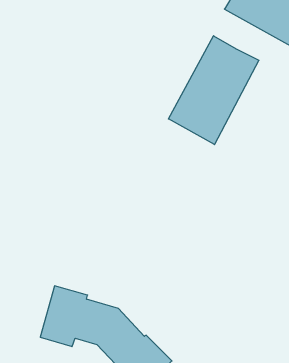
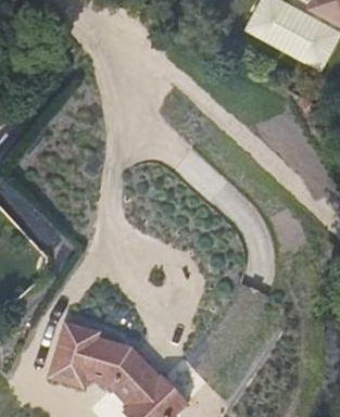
building: [168,36,259,145] -> none

